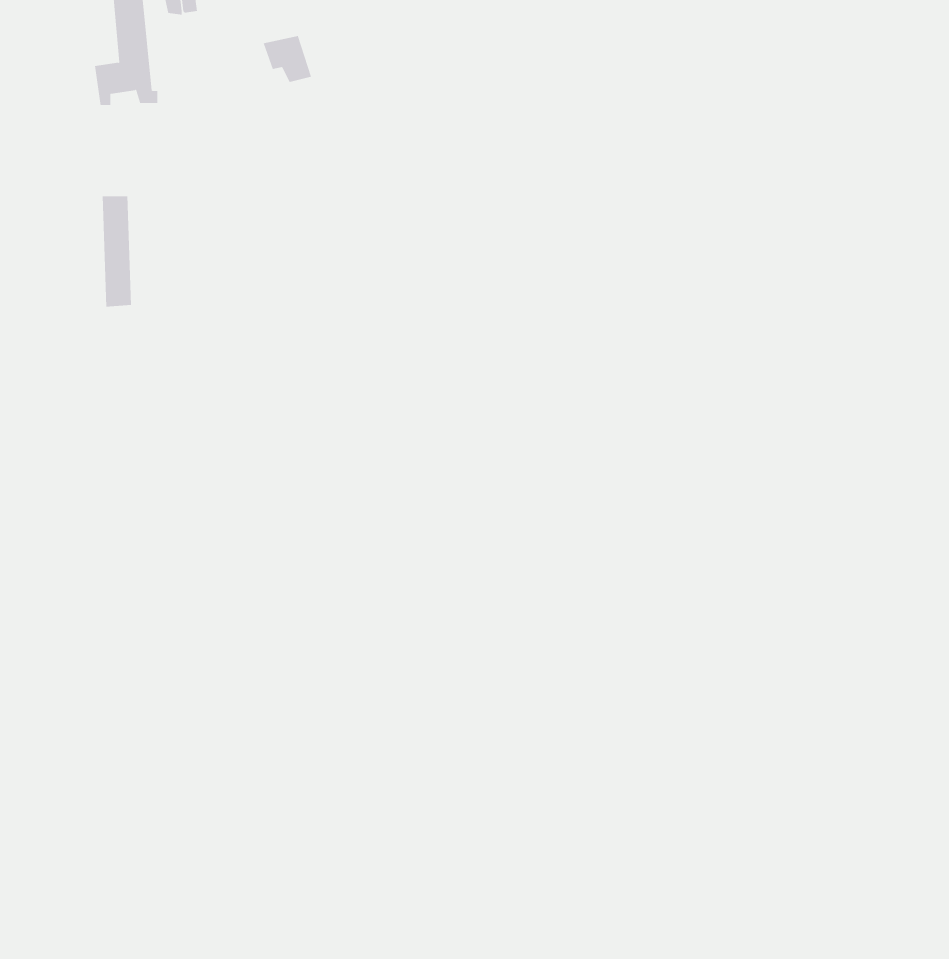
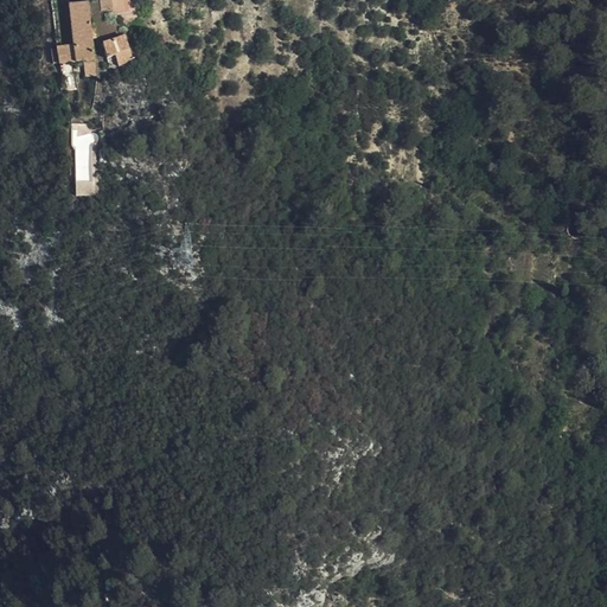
building: [263,35,312,83] -> [103,34,134,64]

